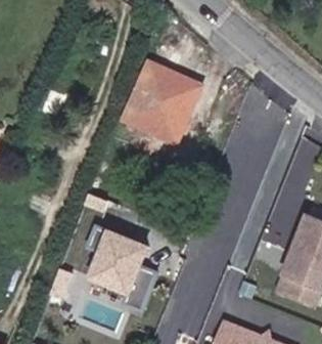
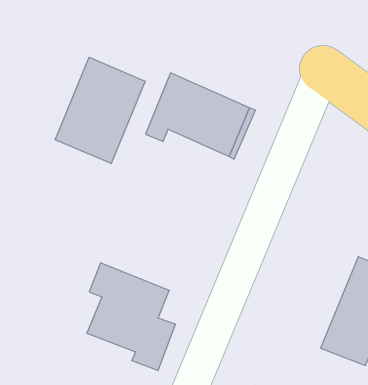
building: none -> [55,57,145,164]

